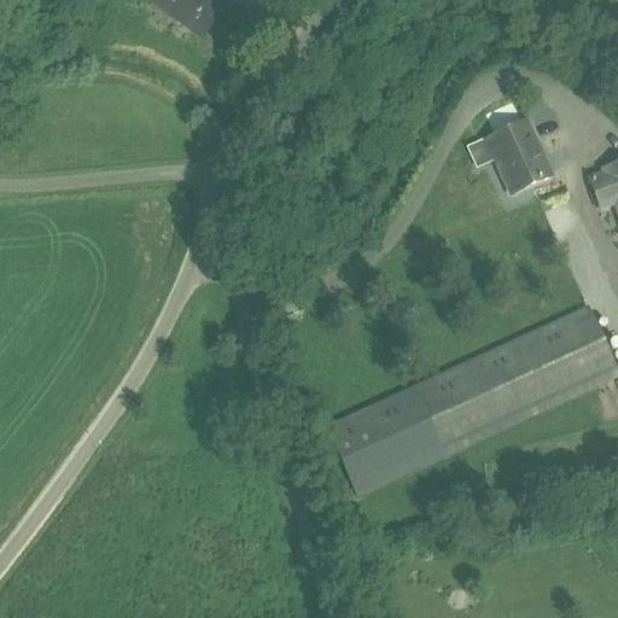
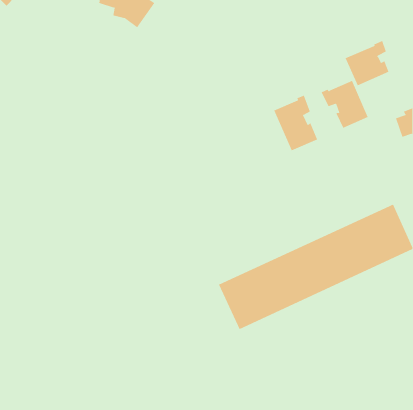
building: none -> [345,40,389,86]
building: none -> [273,95,318,151]

